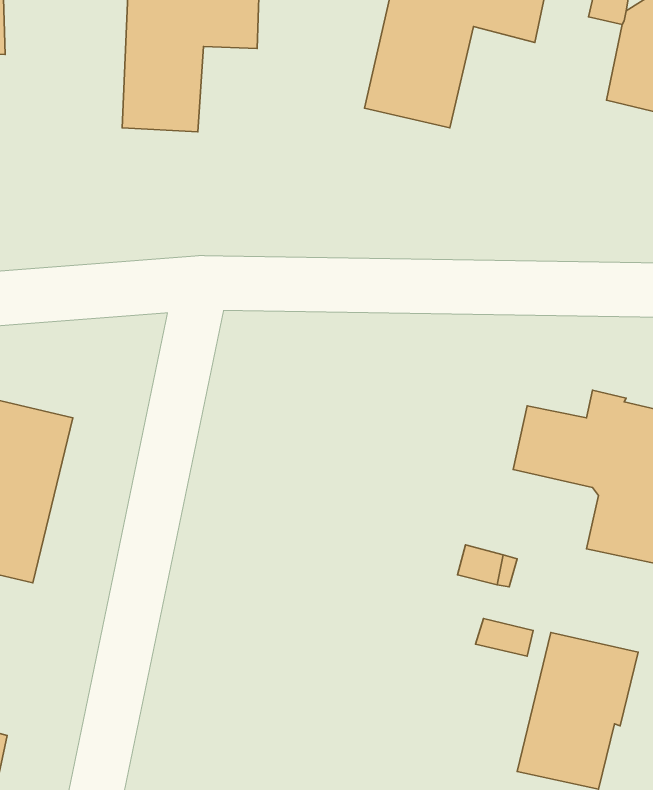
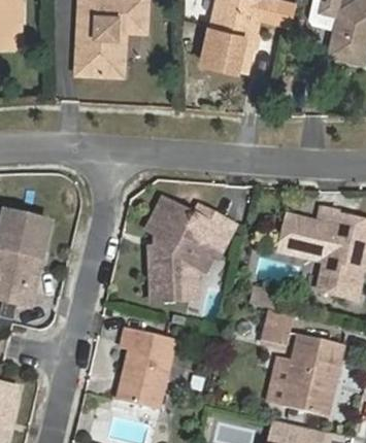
building: none -> [148,203,229,300]
building: none -> [115,327,174,409]

